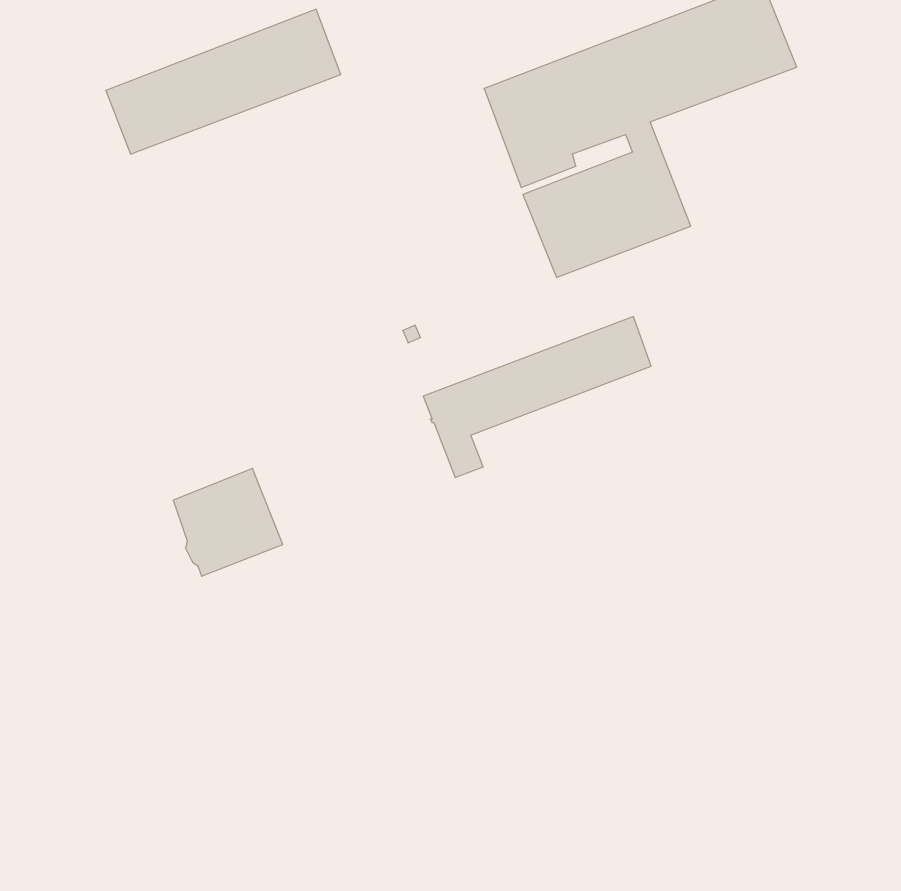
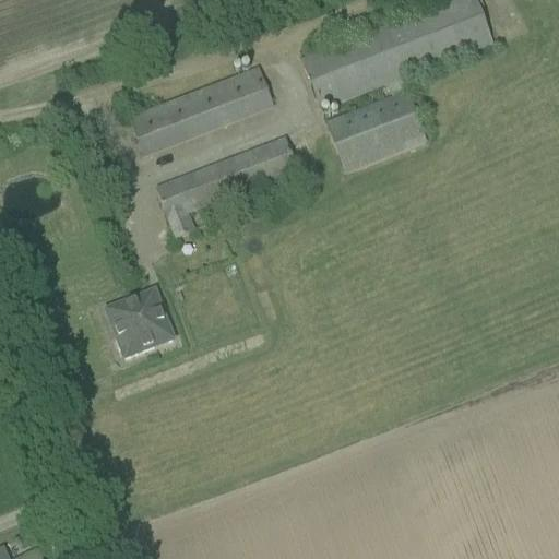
building: [106,9,341,154] -> [129,64,274,154]
building: [423,317,651,477] -> [157,138,298,237]

